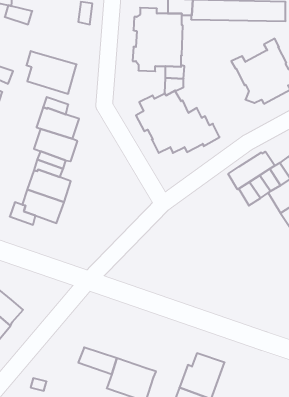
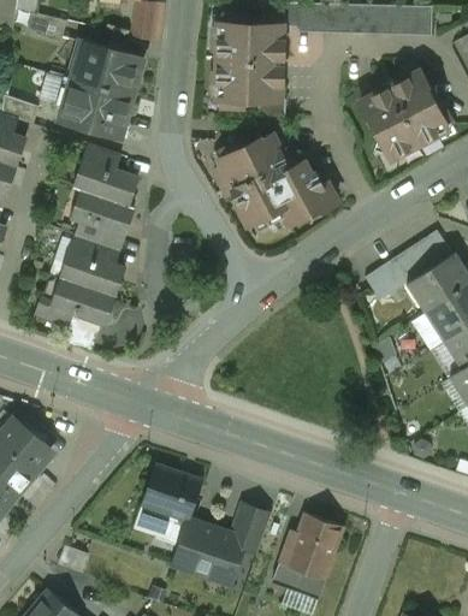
building: none -> [72,38,143,97]
building: [228,152,275,189] -> none
building: none -> [142,463,203,521]
building: none -> [231,503,271,555]

